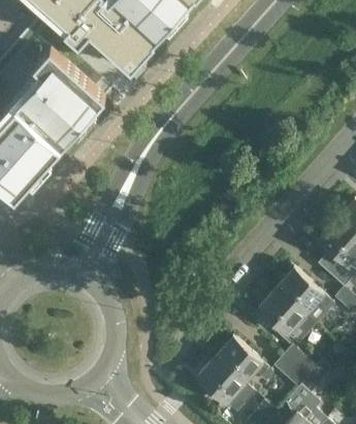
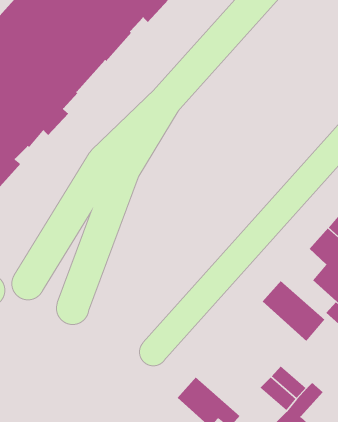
building: [255,291,315,349] -> none
building: [213,339,272,396] -> none

